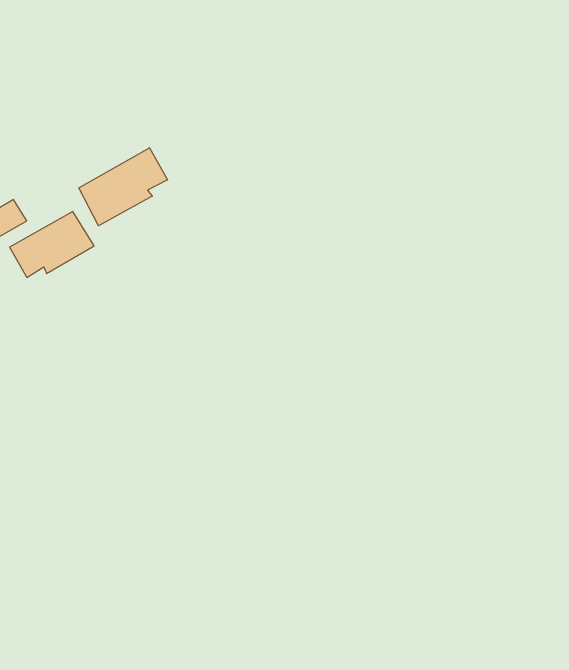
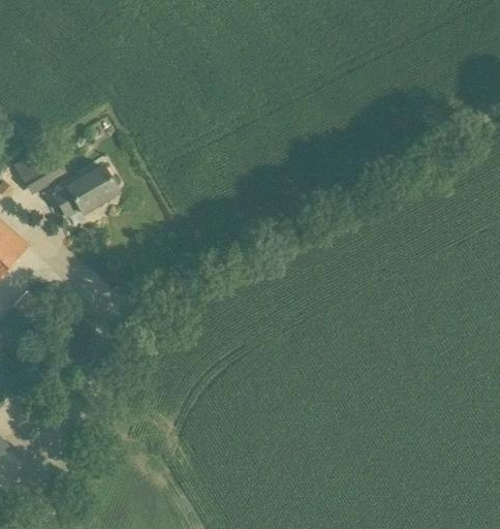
building: [79,148,168,226] -> none

